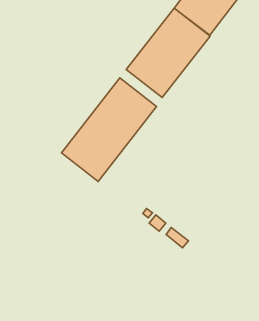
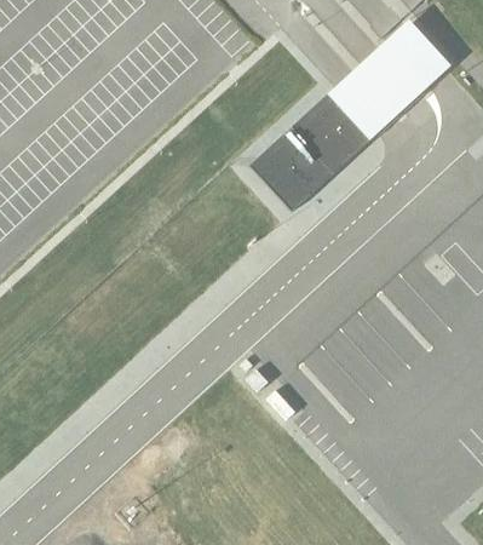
building: [61,78,157,181] -> none

